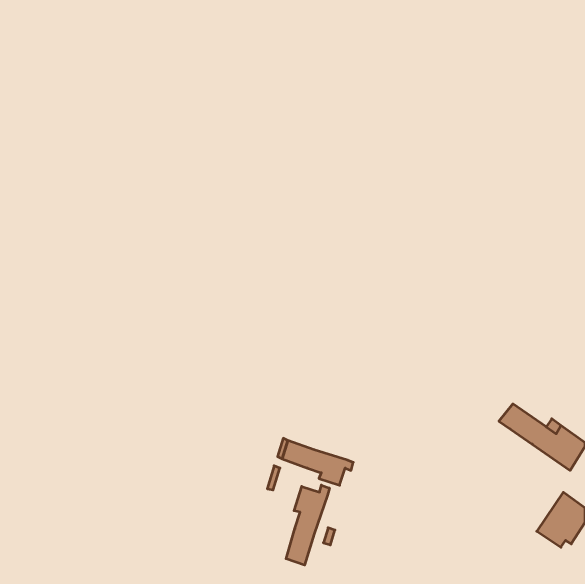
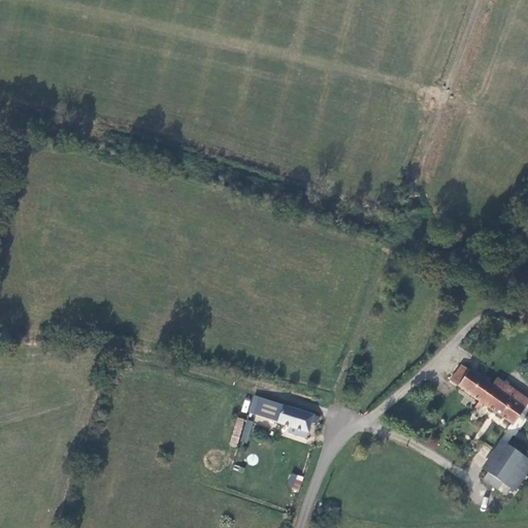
building: [286,485,329,565] -> none

